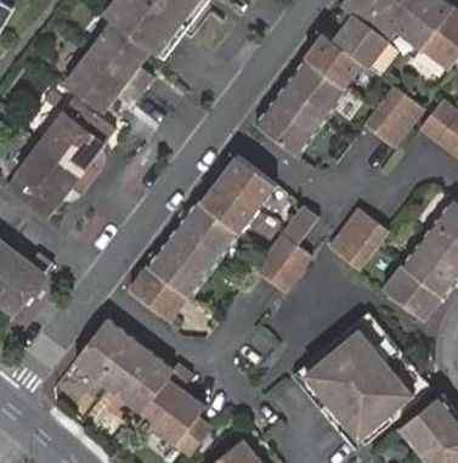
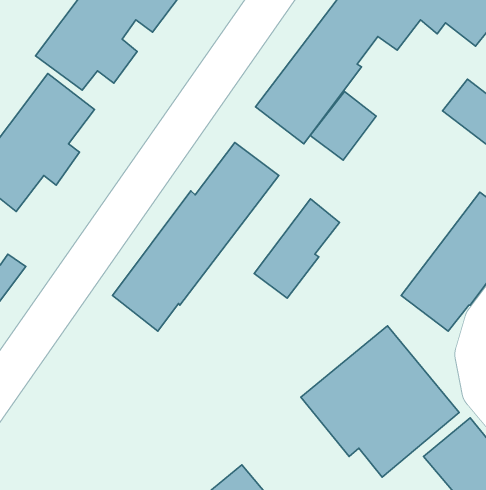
building: [364,86,423,147] -> [310,91,376,160]
building: [329,210,388,271] -> none
building: [72,320,209,457] -> none

